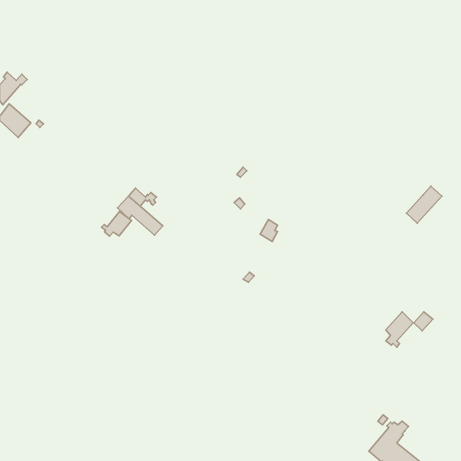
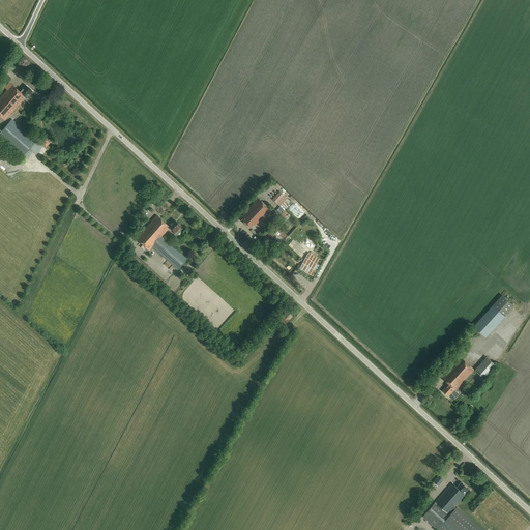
building: none -> [240,200,269,229]
building: [406,186,442,223] -> [473,296,513,338]
building: [102,211,131,236] -> none

